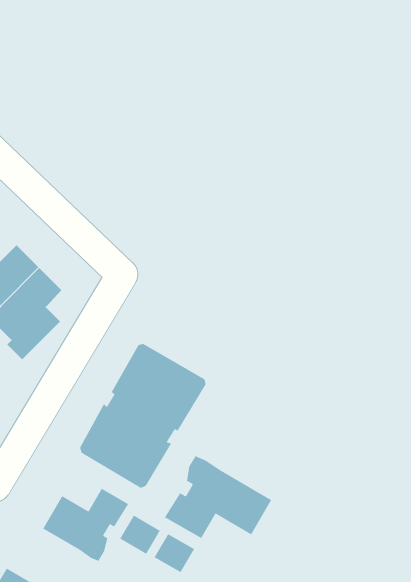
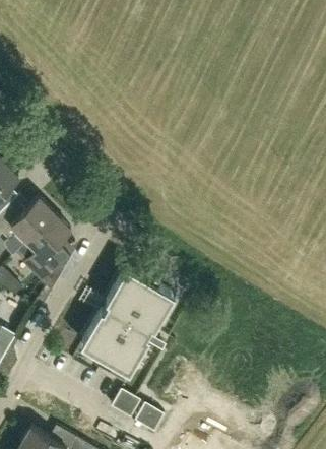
building: [164,455,272,539] -> none
building: [42,488,129,562] -> none

